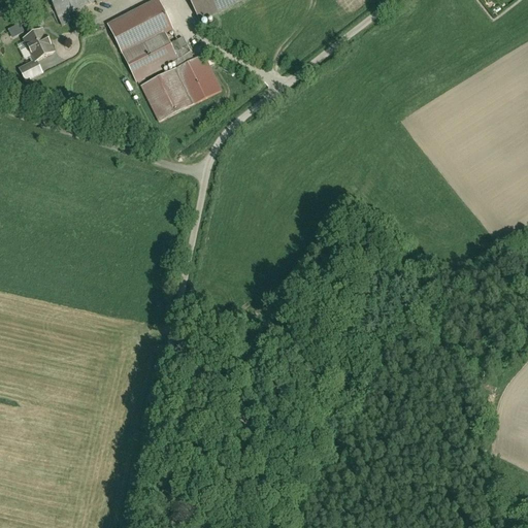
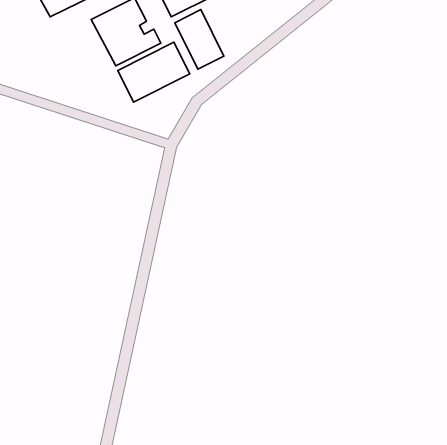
building: none -> [175,10,224,69]
building: [15,27,56,77] -> none

